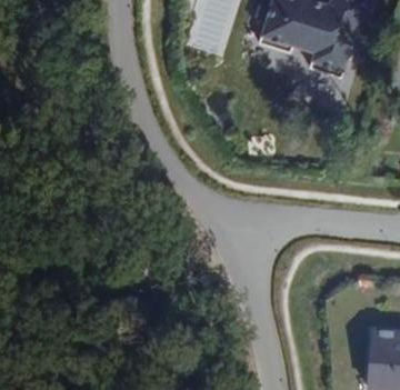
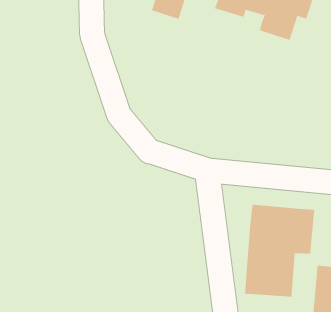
building: none -> [244,204,315,297]

